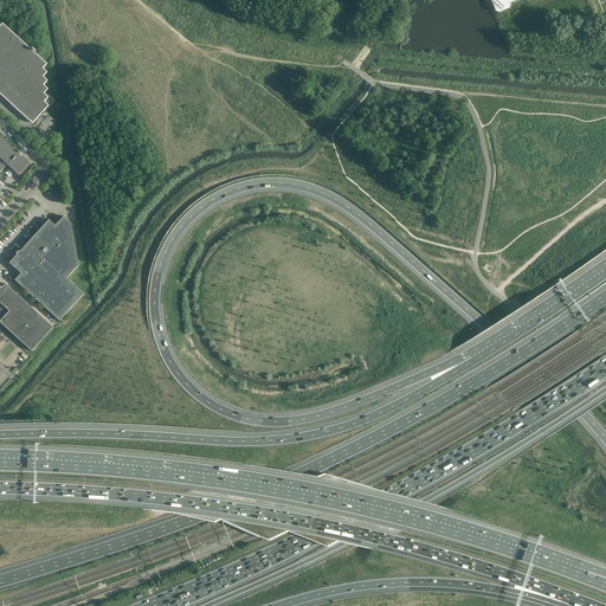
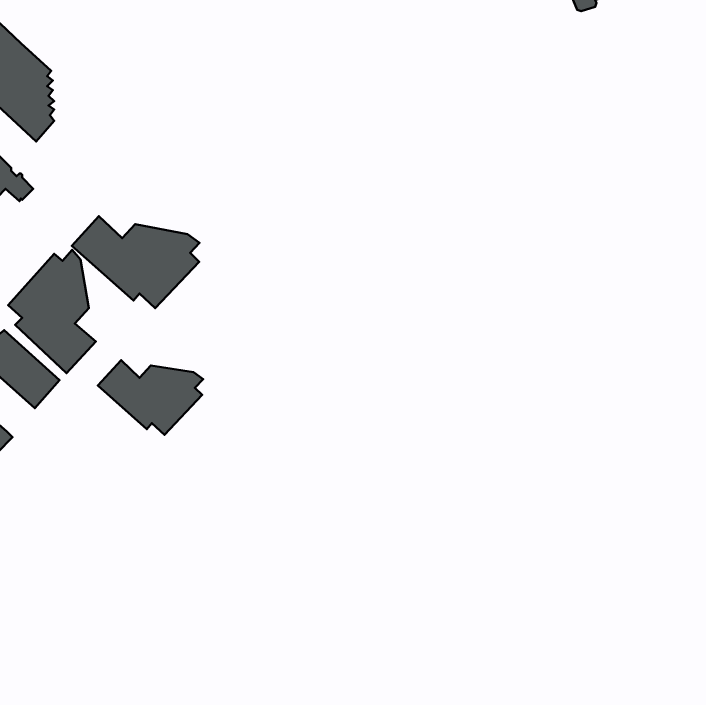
building: none -> [72,216,199,308]
building: none -> [98,360,203,435]

